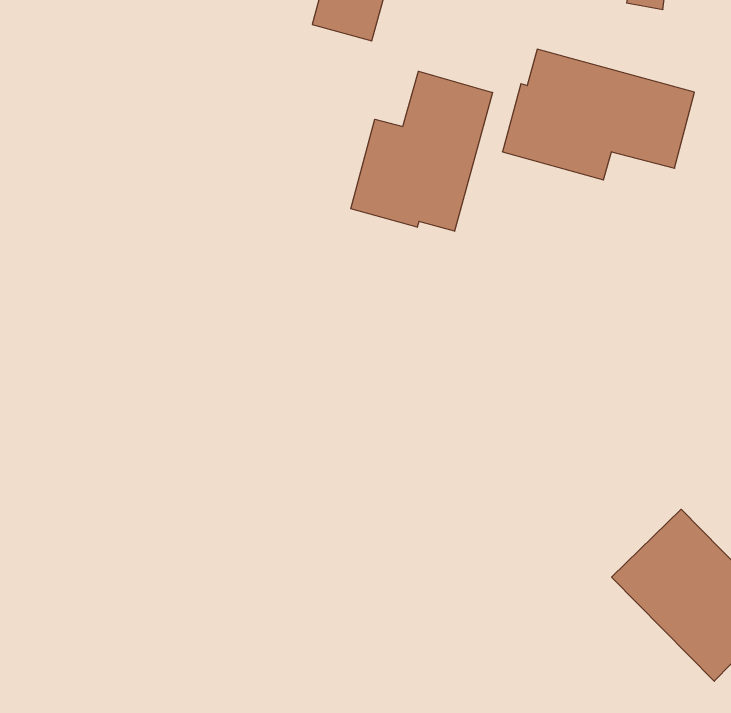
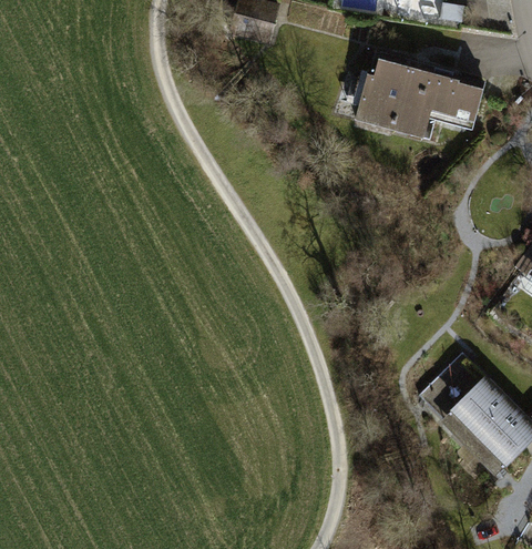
building: [351,71,493,231] -> none

